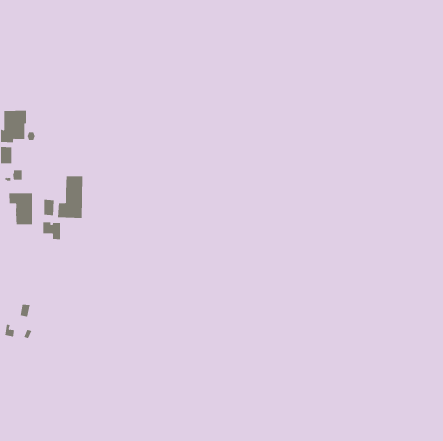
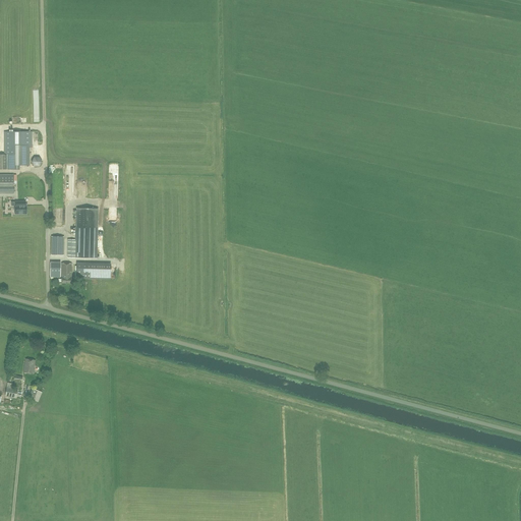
building: [9,192,32,225] -> none
building: none -> [76,262,111,278]

